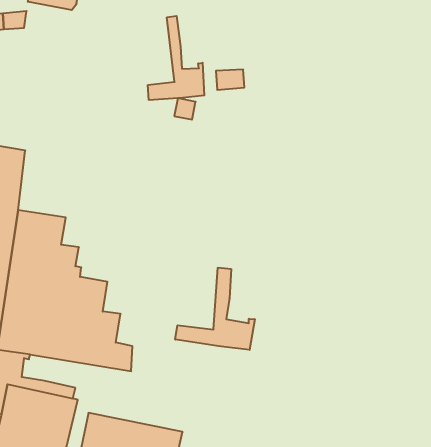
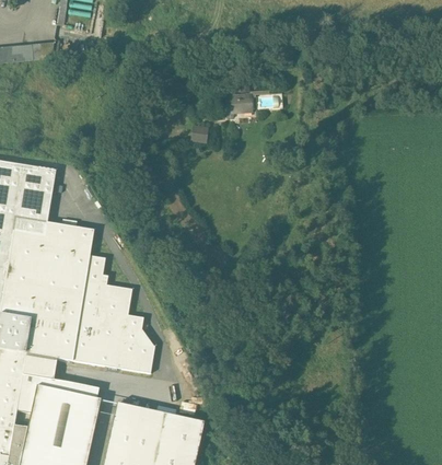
building: [148,16,204,100] -> none
building: [175,268,255,350] -> none

